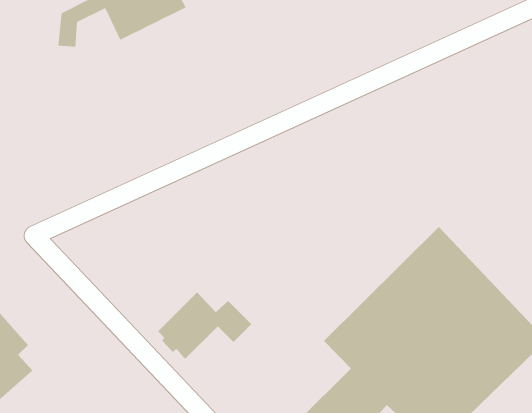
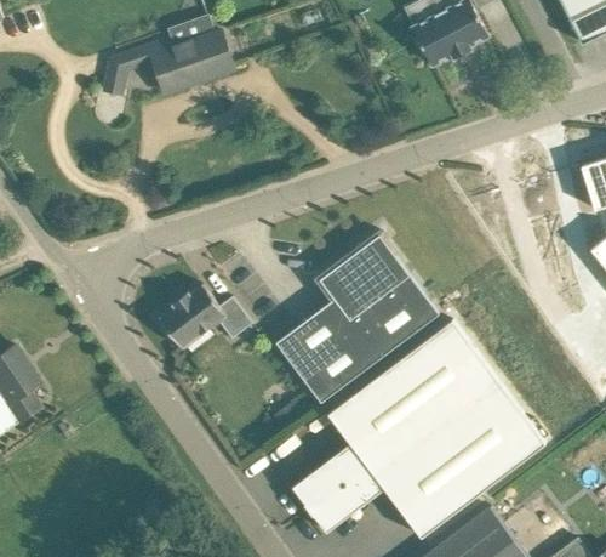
building: none -> [275,232,439,403]
building: [158,291,252,360] -> [159,284,252,349]

